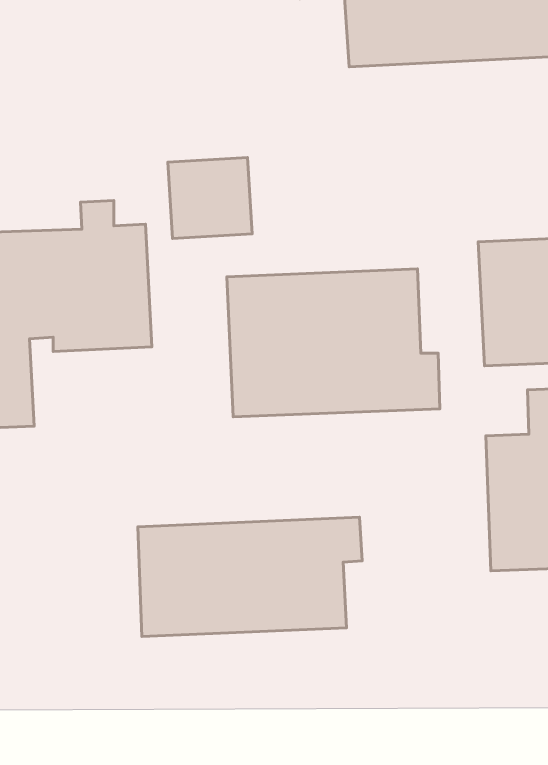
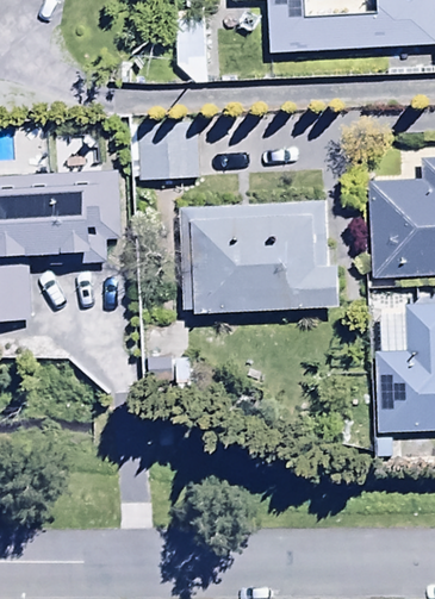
building: [138,517,362,636] -> none

